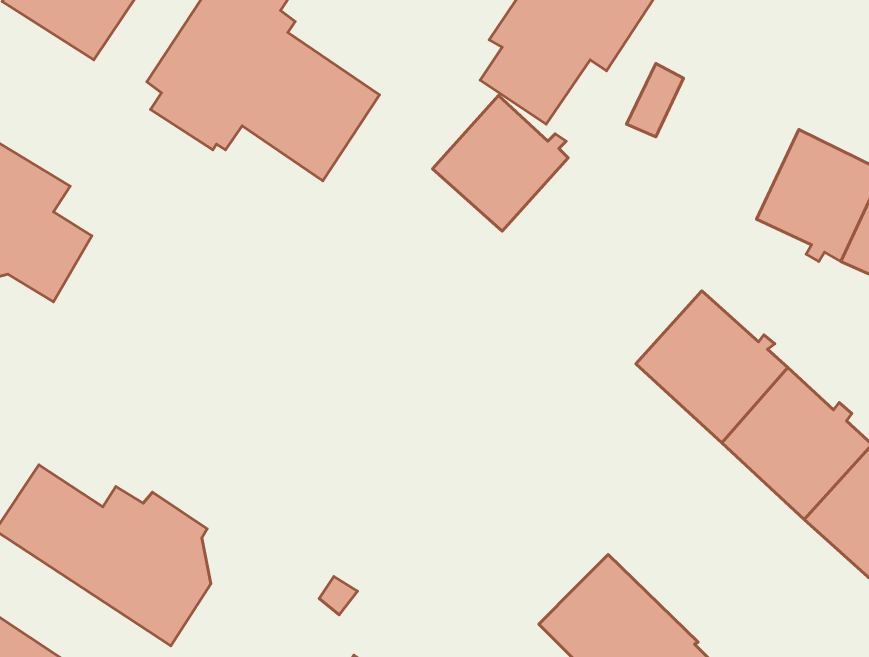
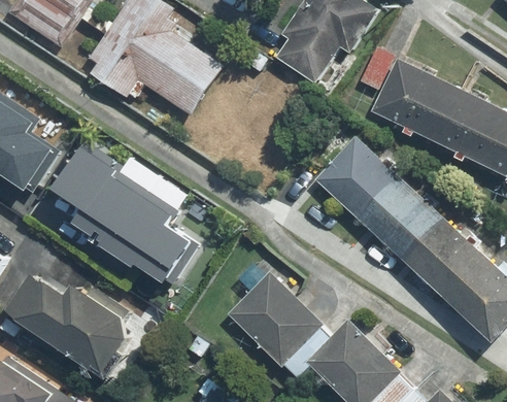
building: none -> [376,61,454,137]
building: [433,96,568,231] -> [324,142,400,219]
building: none -> [61,143,200,278]
building: none -> [227,266,330,378]

